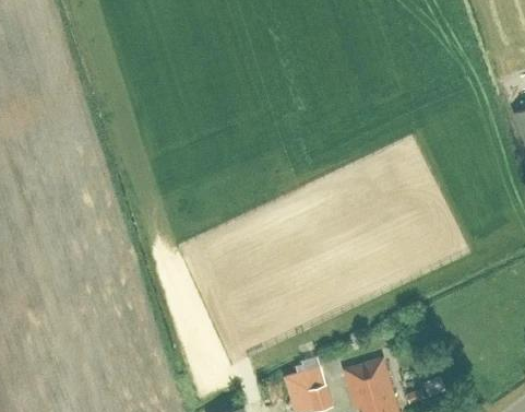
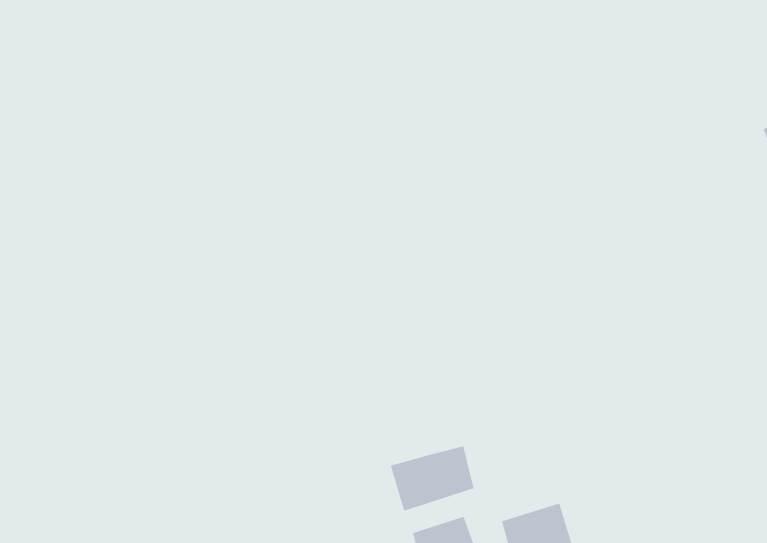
building: none -> [390,446,474,512]

